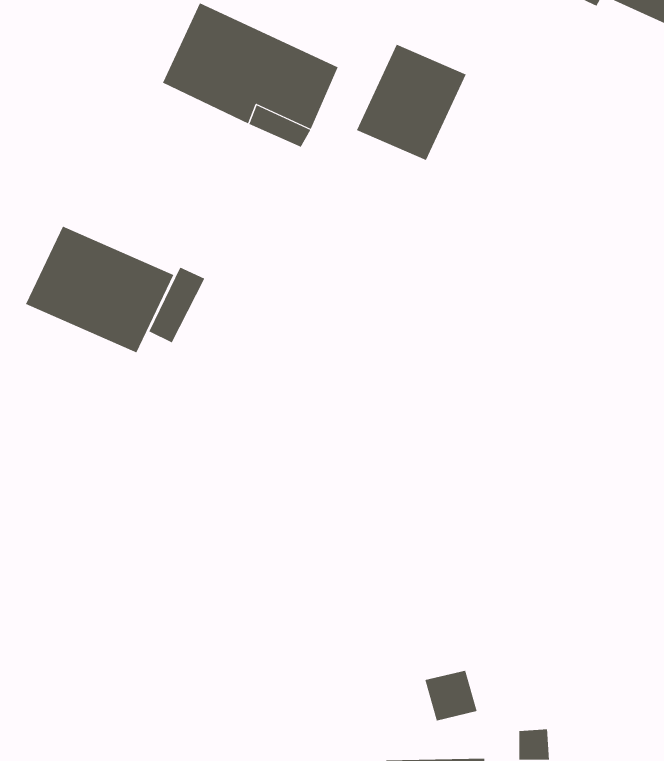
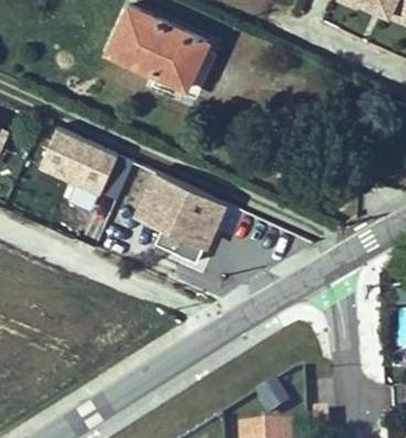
building: [356,44,466,161] -> none
building: none -> [128,175,227,267]

